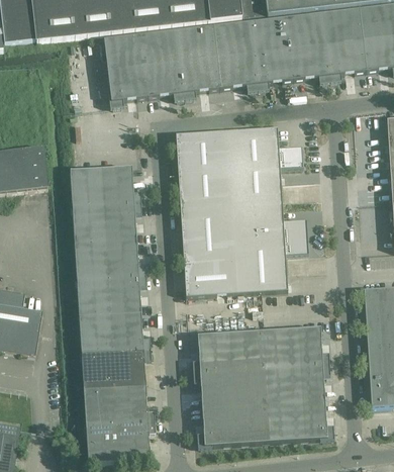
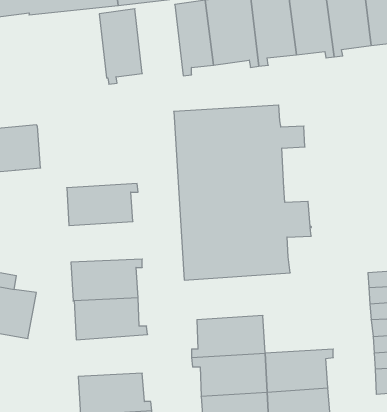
building: [138,30,185,100] -> none
building: [70,167,140,207] -> none
building: [75,240,145,279] -> none
building: [262,326,329,367] -> none
building: [82,349,151,389] -> none

